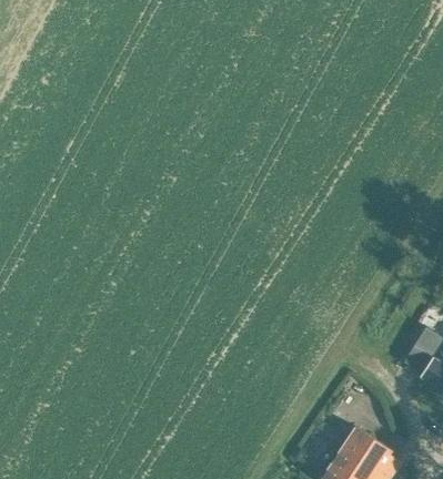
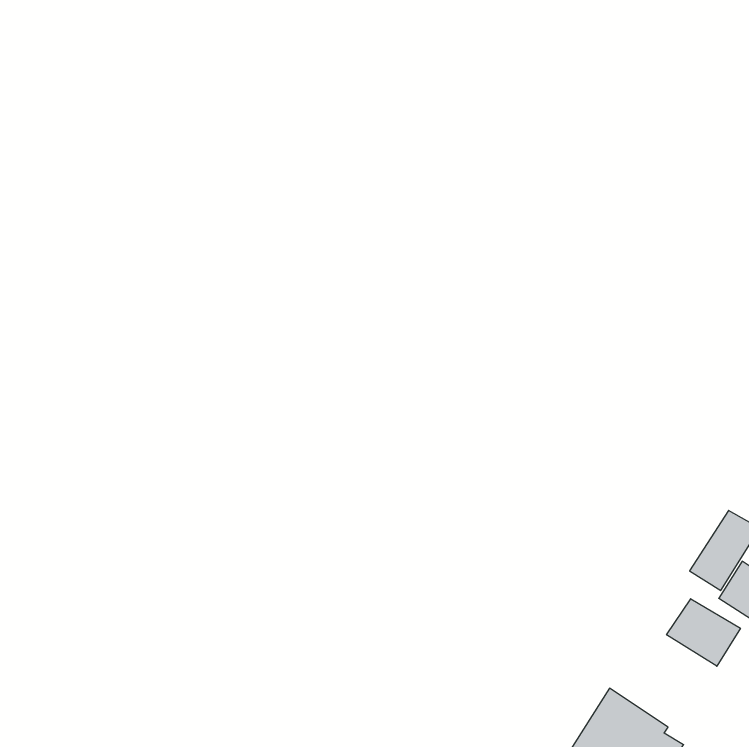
building: none -> [667,599,740,666]

